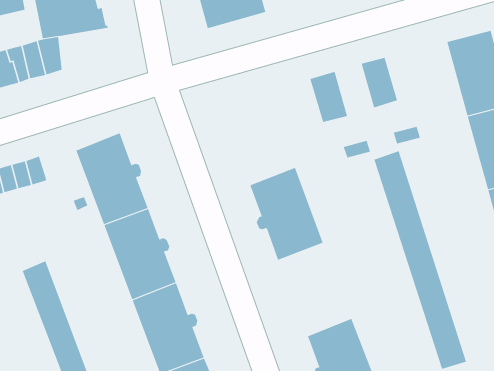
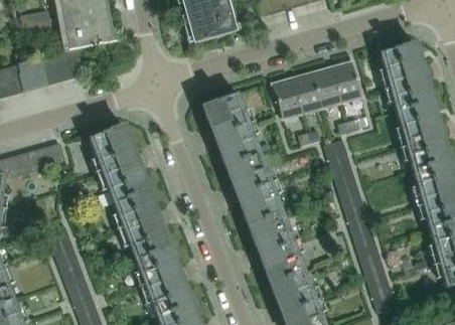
building: none -> [332,58,362,99]
building: none -> [293,69,323,111]
building: none -> [203,92,262,165]
building: none -> [248,210,306,284]

